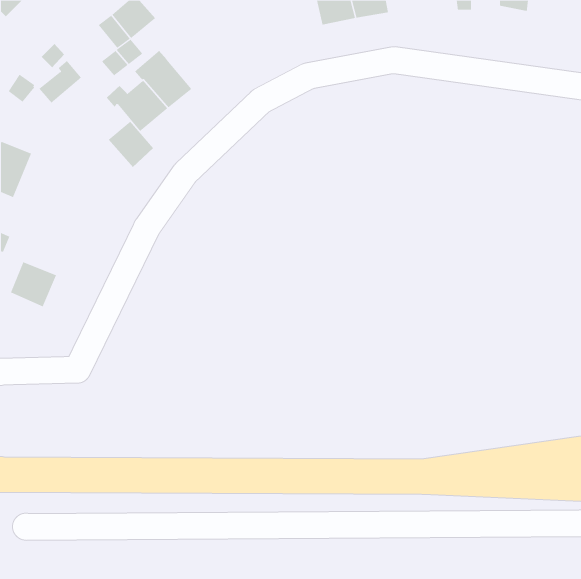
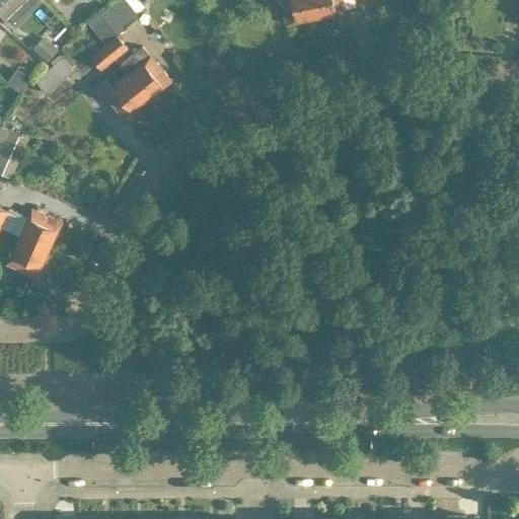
building: [108,121,154,168] -> none
building: none -> [20,208,62,247]

